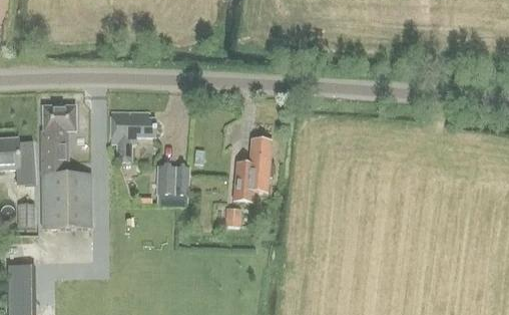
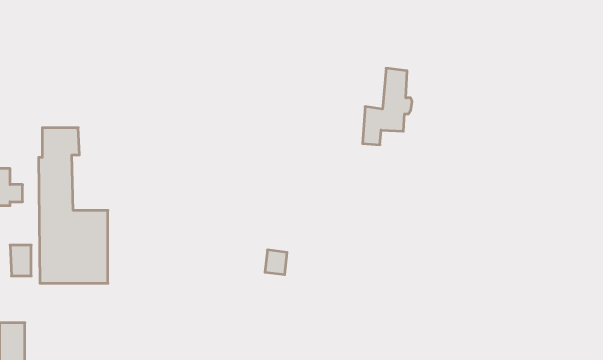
building: [110,110,154,160] -> none
building: [233,138,274,201] -> [363,68,412,145]
building: [157,163,190,194] -> none

